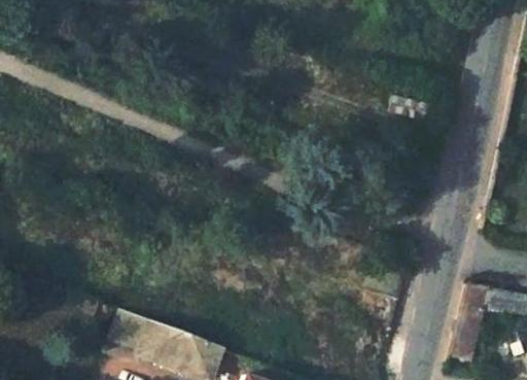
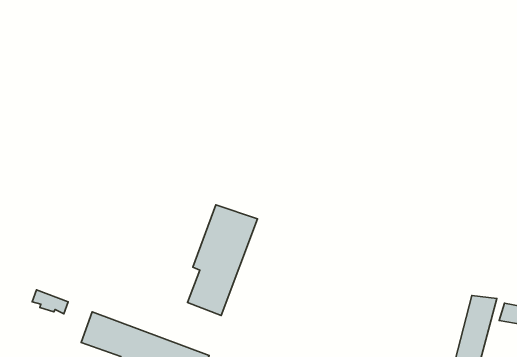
building: none -> [187,205,257,316]

